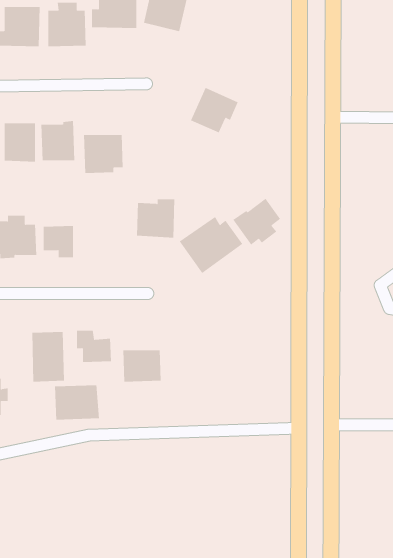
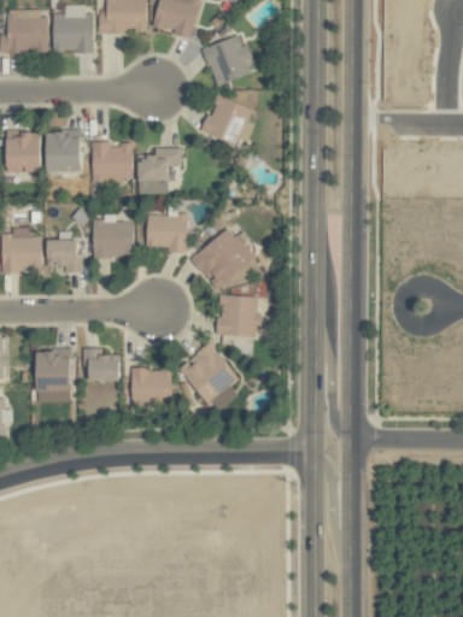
building: none -> [203,36,252,86]
building: none -> [139,147,182,194]
building: [232,198,281,245] -> none
building: none -> [93,217,134,258]
building: none -> [219,294,262,336]
building: none -> [178,342,240,412]
building: [55,384,99,420] -> none

